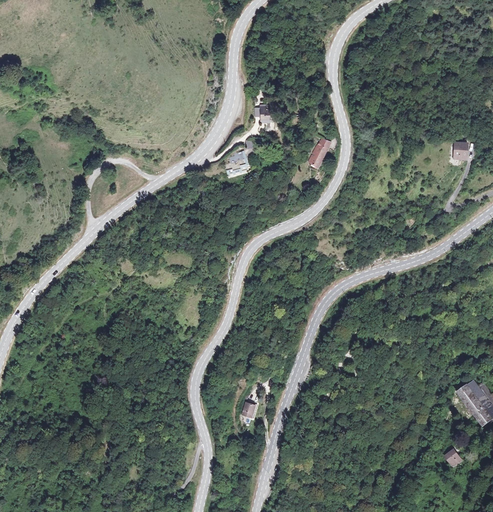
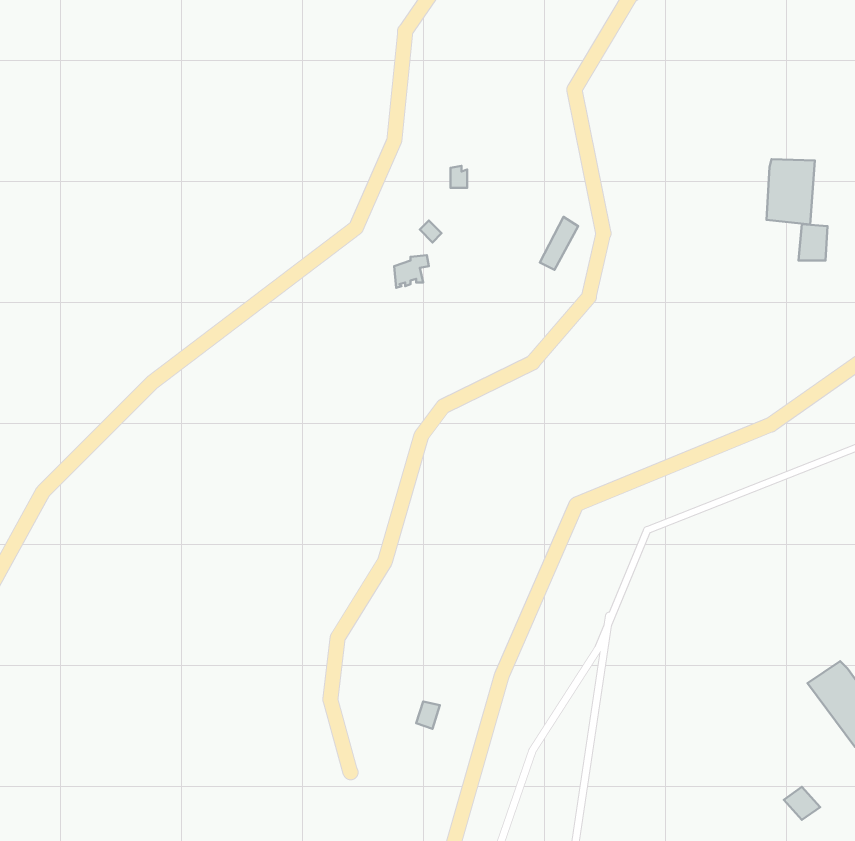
building: none -> [766,159,815,225]

